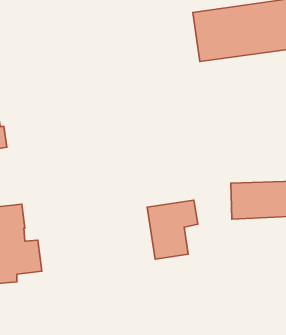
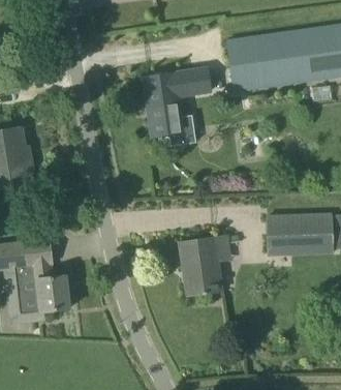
building: none -> [143,67,211,144]

